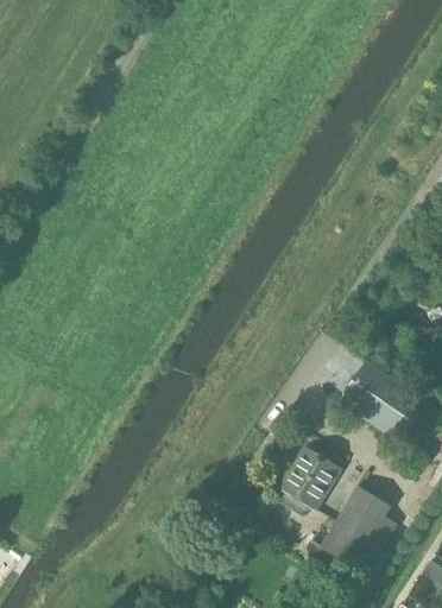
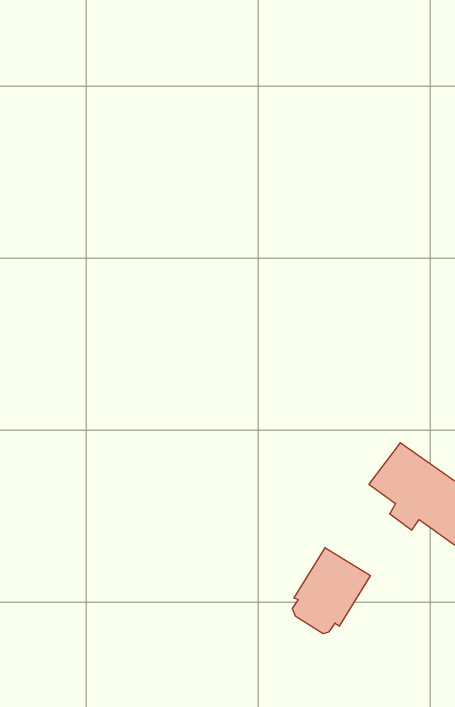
building: [321,486,387,564] -> none

